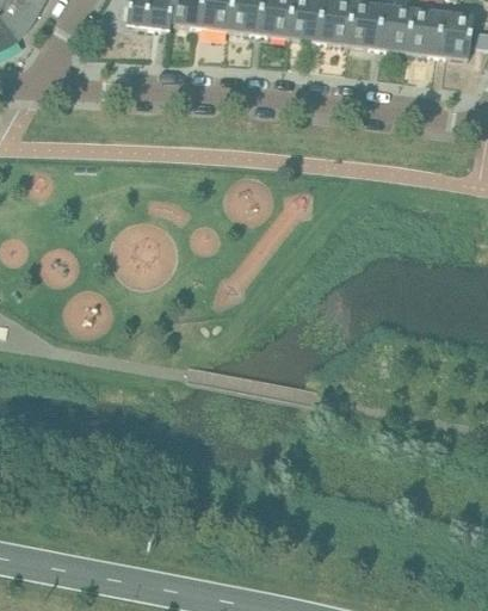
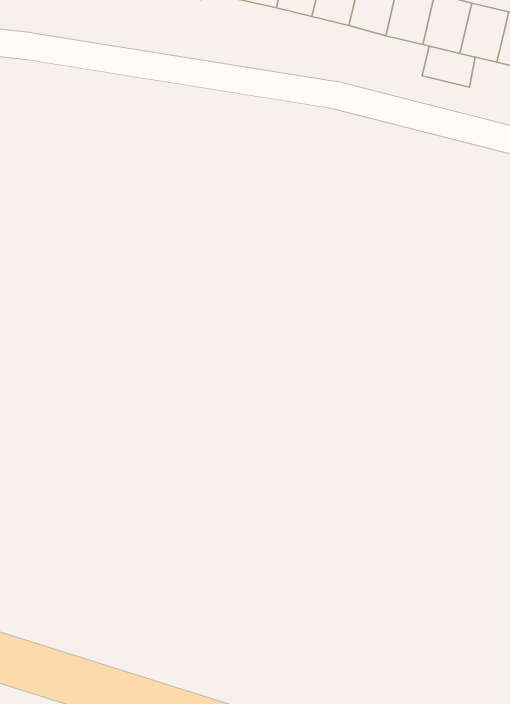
building: none -> [422,46,475,87]

